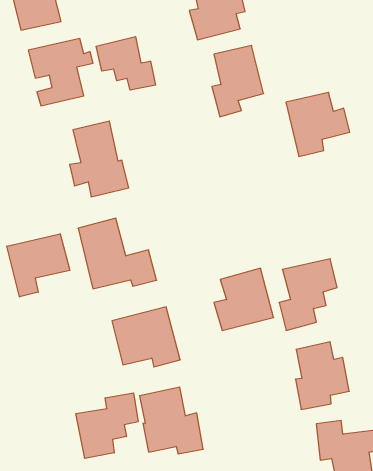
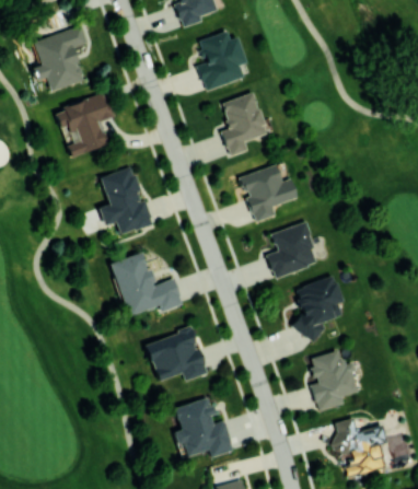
building: [96,37,156,90] -> none
building: [286,92,350,156] -> [240,164,298,222]
building: [7,234,70,297] -> none
building: [214,268,274,330] -> [266,221,320,278]
building: [76,393,138,458] -> none

